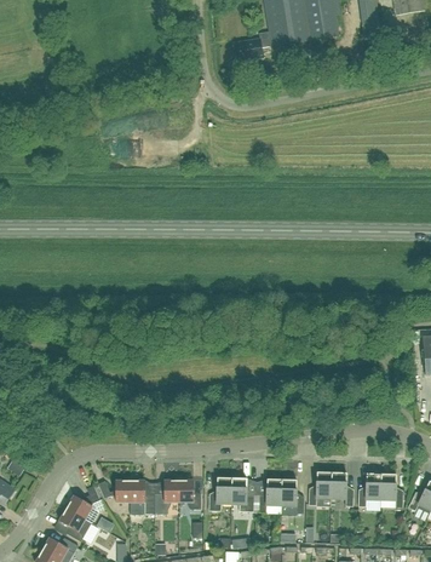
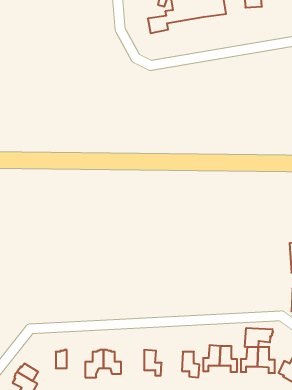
building: none -> [245,328,273,347]
building: [130,477,154,514] -> none
building: [208,477,231,511] -> none
building: [258,478,282,512] -> none

